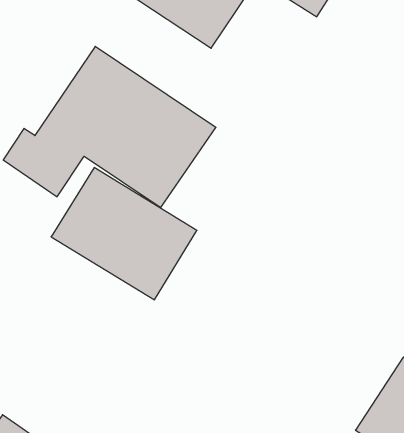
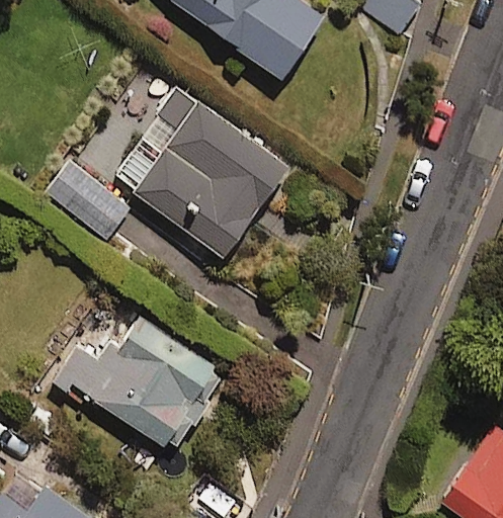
building: [51,167,197,300] -> [60,300,224,449]

